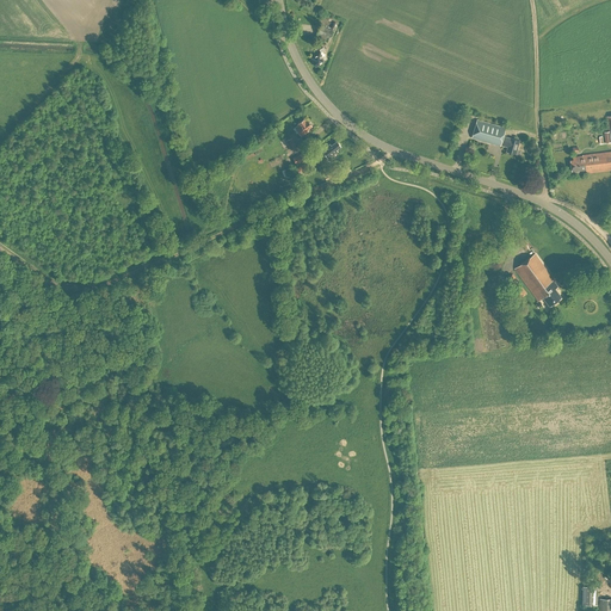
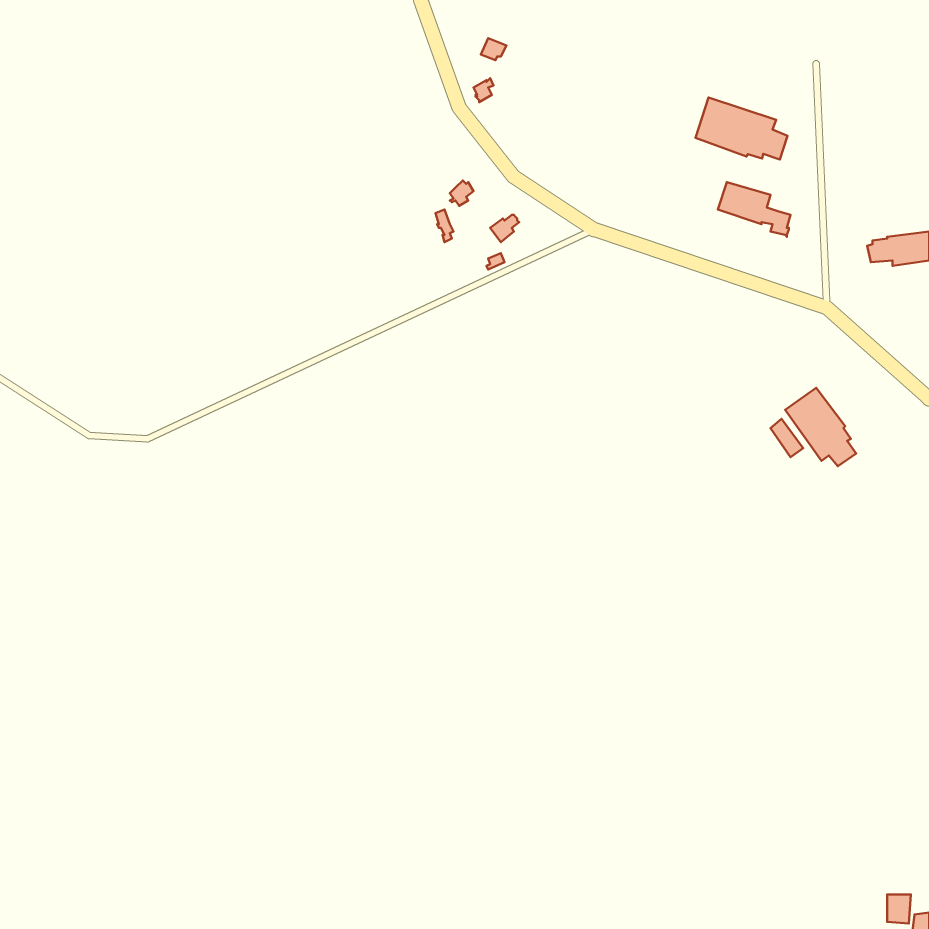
building: none -> [695,97,788,159]

